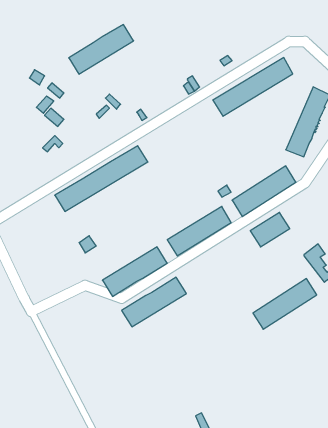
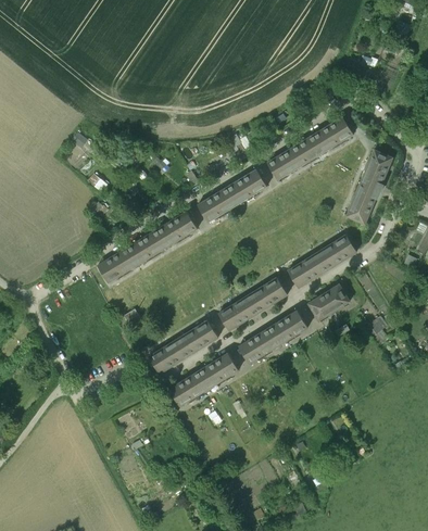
building: [69,25,134,74] -> [198,169,267,223]
building: [253,279,317,329] -> [239,309,307,364]

